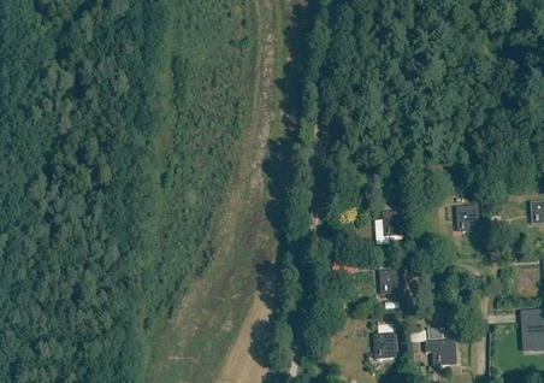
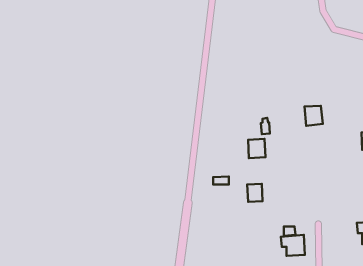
building: [455,206,479,232] -> [304,106,323,126]
building: [374,332,396,359] -> none

